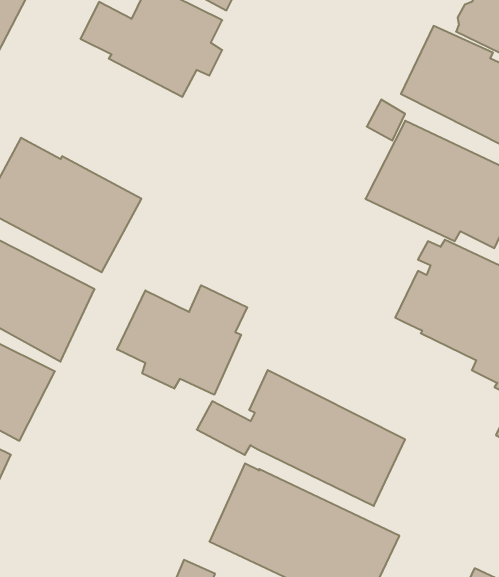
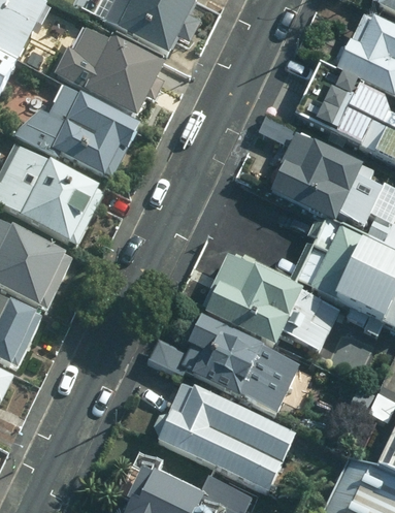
building: none -> [22,84,138,177]
building: none -> [202,252,339,349]
building: [117,285,247,395] -> none

